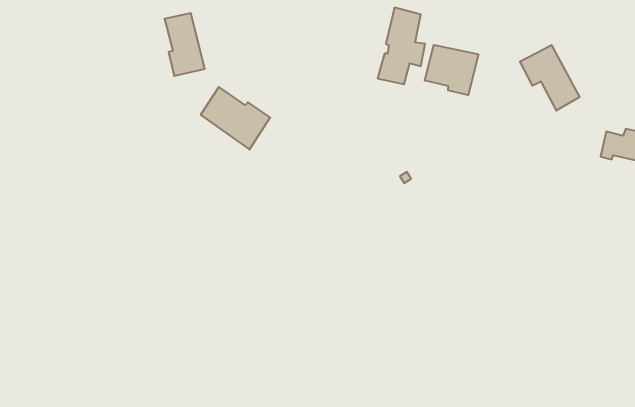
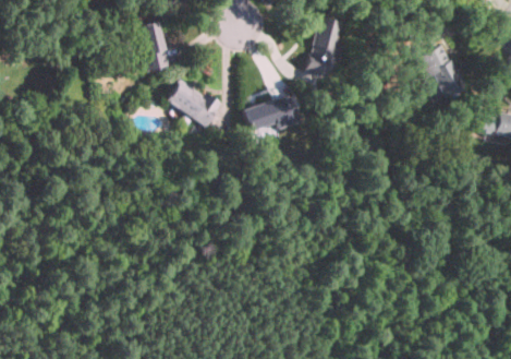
building: [425,45,478,95] -> none
building: none -> [244,94,301,132]

